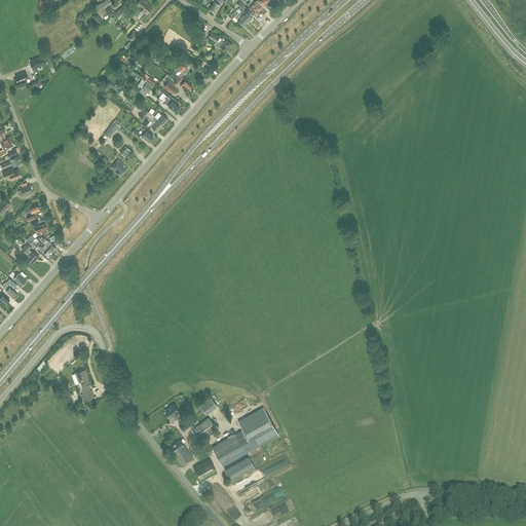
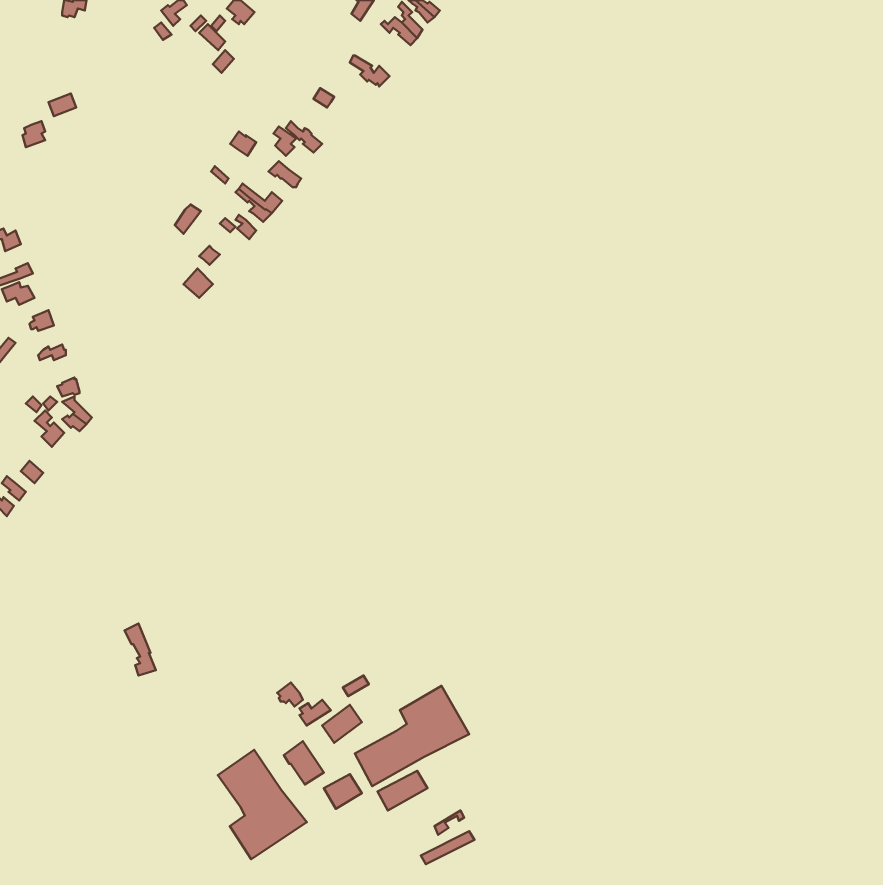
building: none -> [218,750,307,859]

